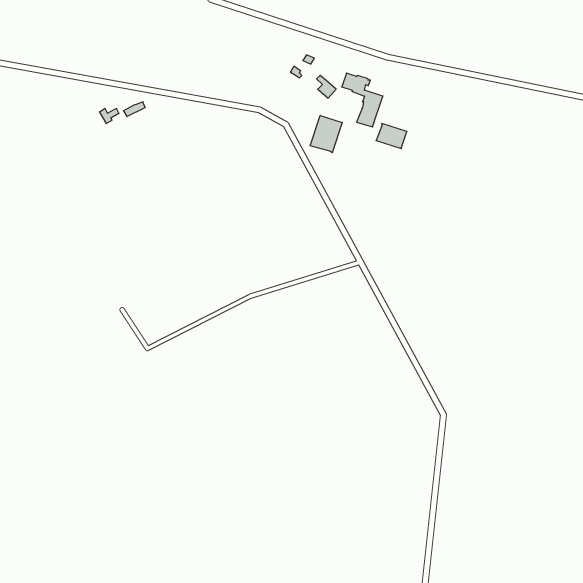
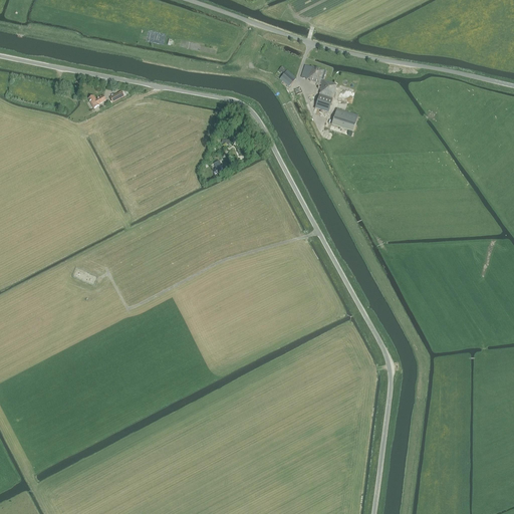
building: [310,115,342,153] -> none

